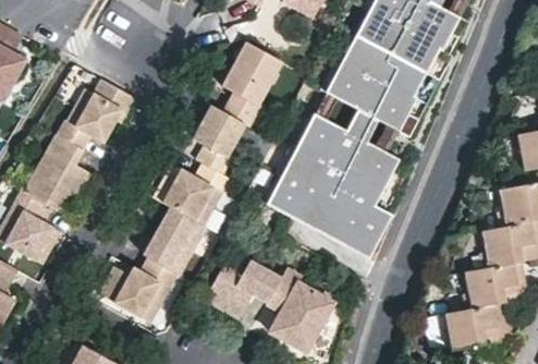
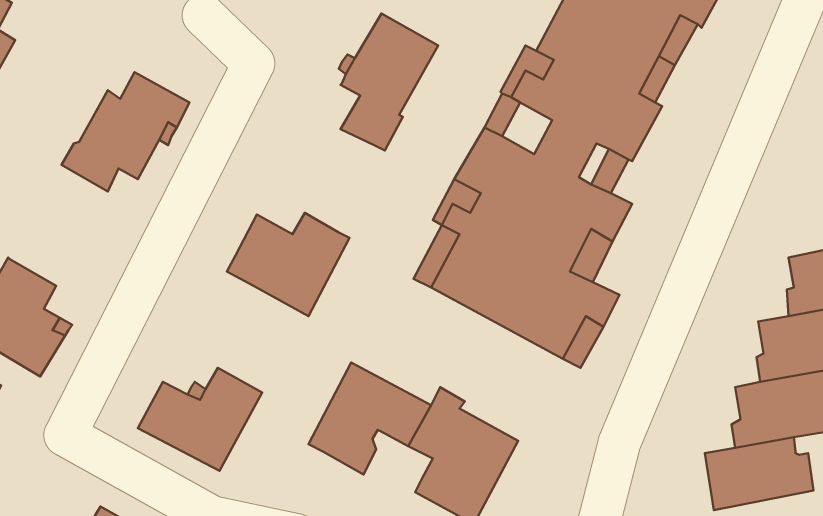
building: [193,106,244,177] -> none
building: [21,135,87,218] -> none
building: [144,209,204,275] -> none

